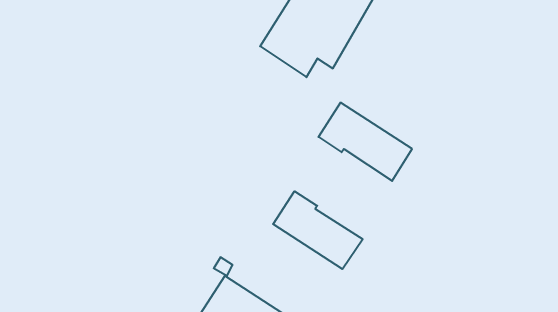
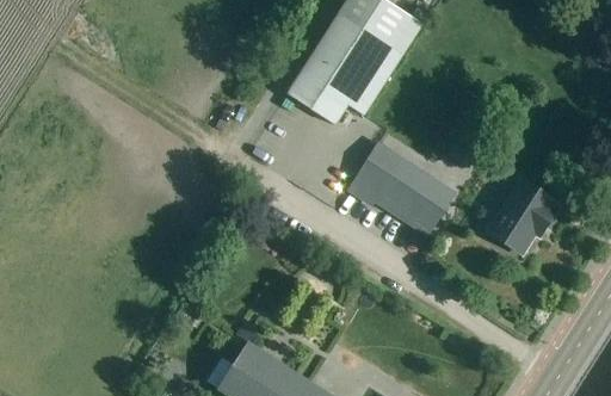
building: none -> [486,180,555,258]
building: [273,191,363,269] -> none

